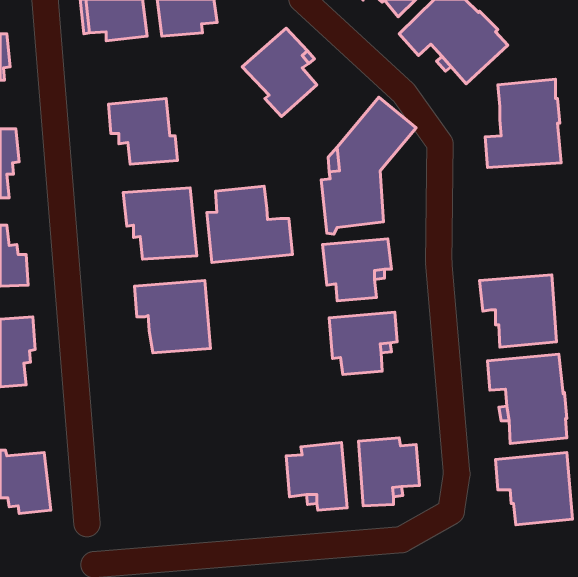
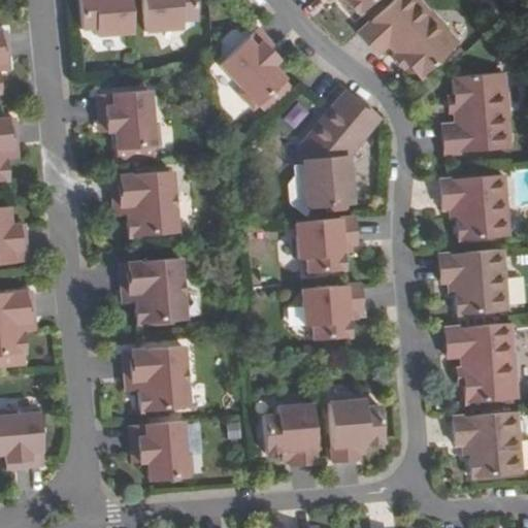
building: [207,186,293,263] -> none
building: none -> [438,175,507,240]
building: none -> [124,343,193,408]
building: none -> [129,420,193,481]

